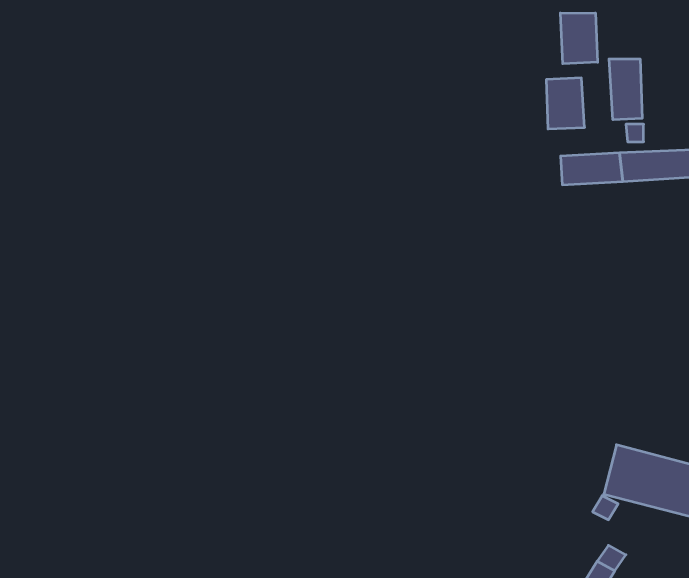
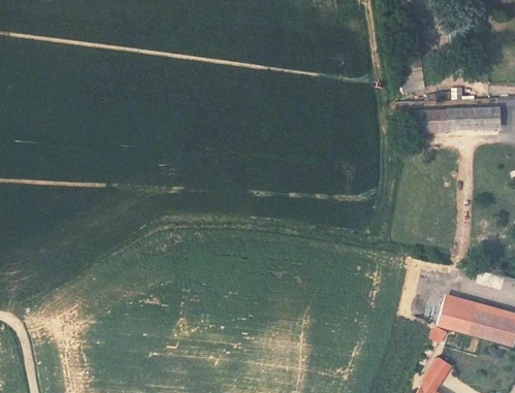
building: [560,13,598,64] -> none
building: [609,59,642,120] -> none

